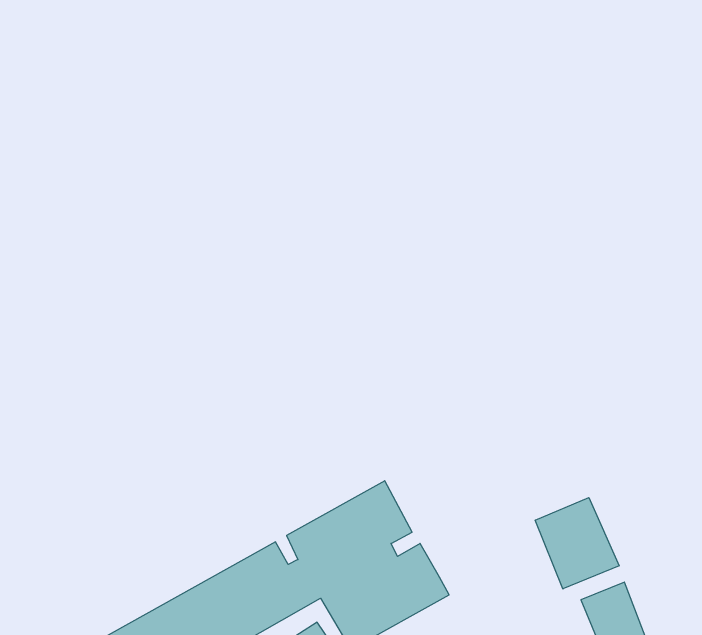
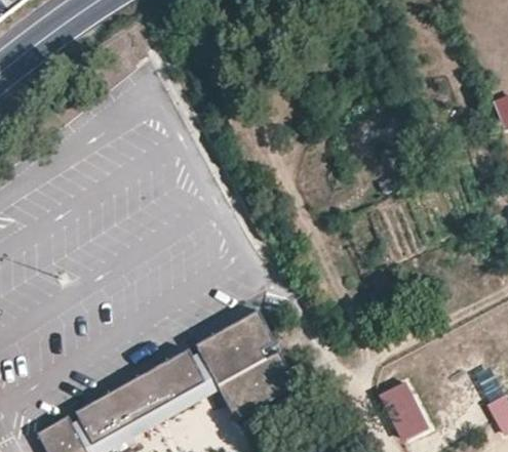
building: [535,498,619,589] -> none

